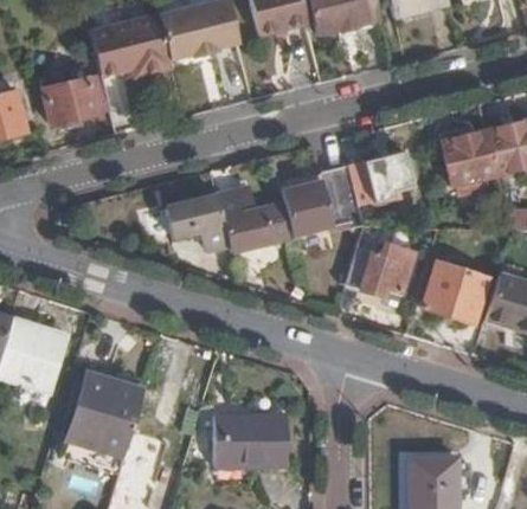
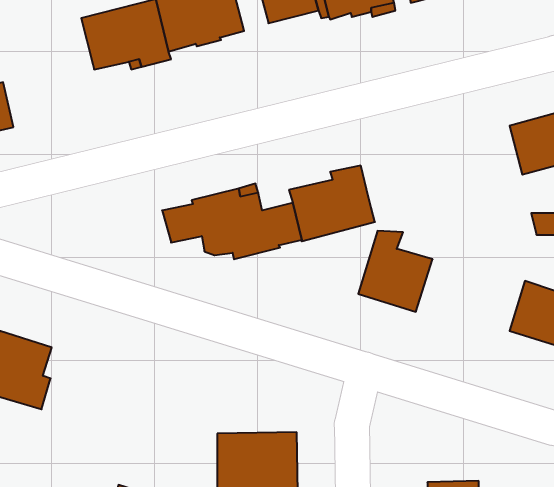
building: [41,73,109,125] -> none
building: [439,130,496,186] -> none
building: [347,150,413,206] -> none
building: [420,263,487,323] -> none
building: [68,372,146,457] -> none

